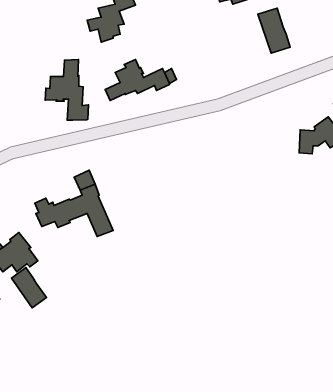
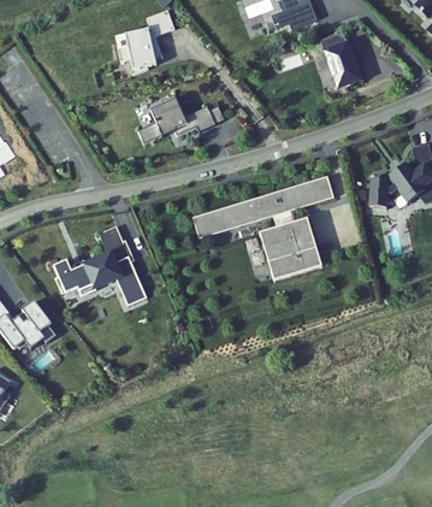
building: [45,60,88,120] -> none
building: none -> [190,177,332,276]
building: [11,268,47,308] -> none

